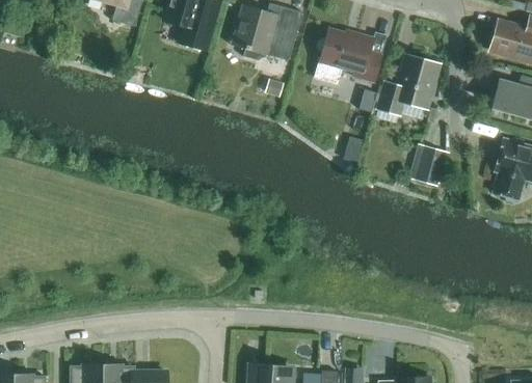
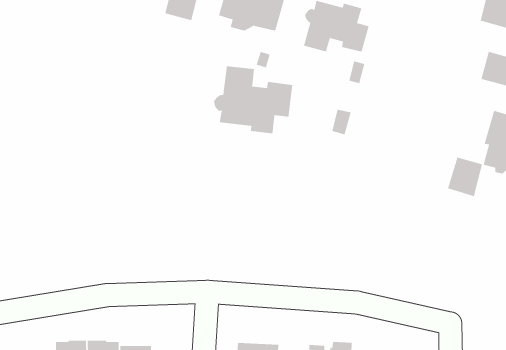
building: [378,56,437,114] -> none
building: none -> [213,65,293,134]
building: [409,145,445,185] -> [447,157,483,197]

